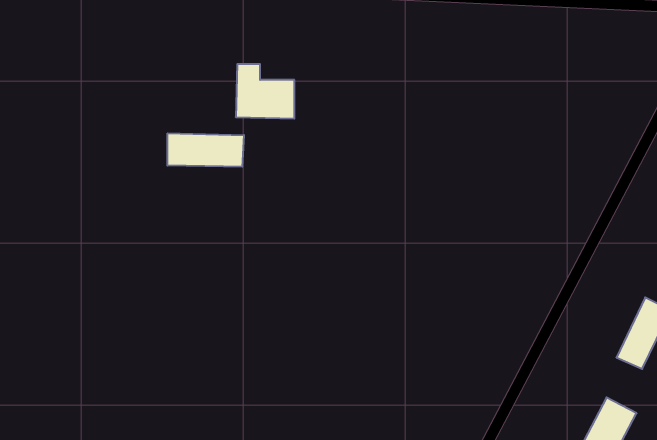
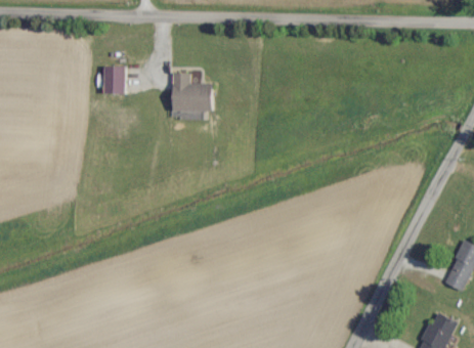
building: none -> [103,66,125,93]
building: [167,133,244,167] -> none

